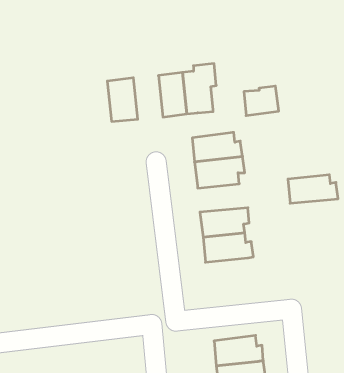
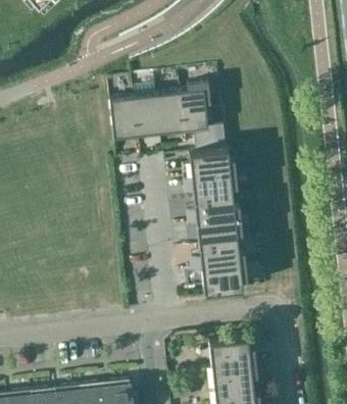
building: none -> [135,93,162,134]
building: [244,86,279,116] -> [195,122,228,150]
building: [288,175,338,203] -> [195,194,242,220]
building: none -> [202,262,248,292]

